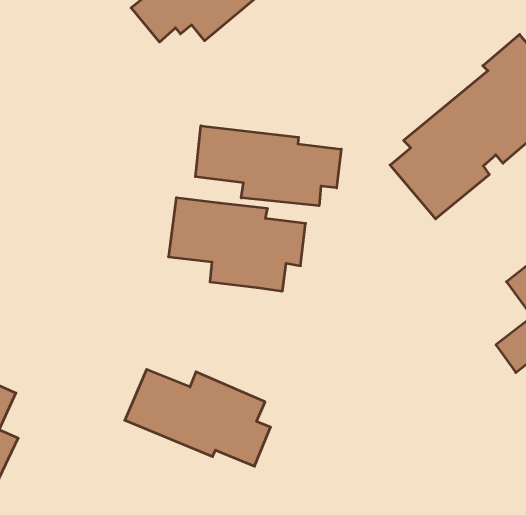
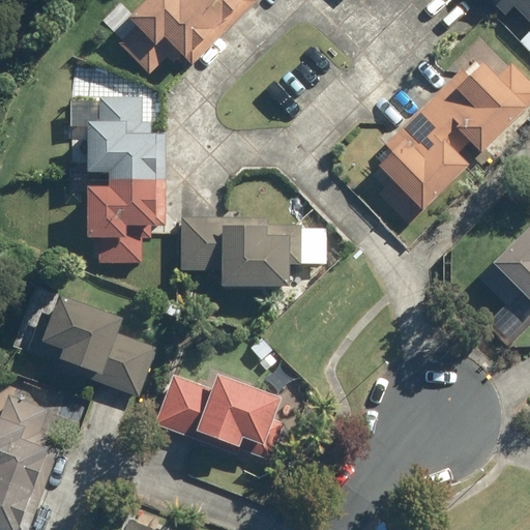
building: none -> [67,98,166,263]
building: [195,126,341,206] -> none
building: none -> [42,302,156,394]

